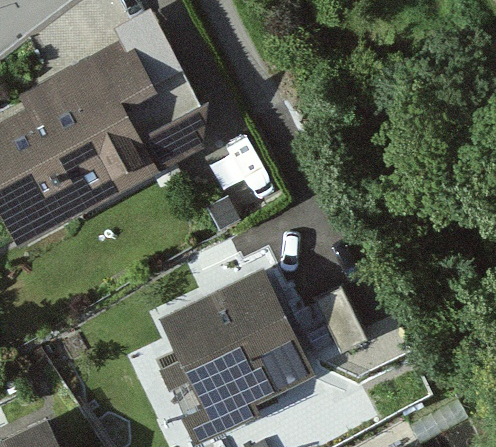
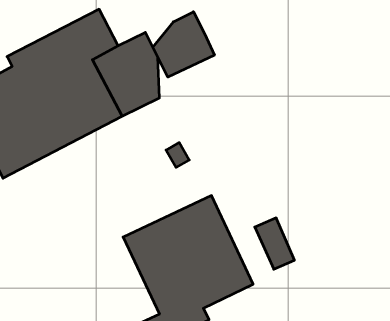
building: none -> [153,12,214,77]

